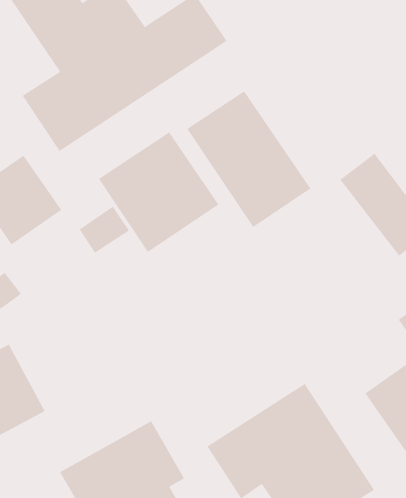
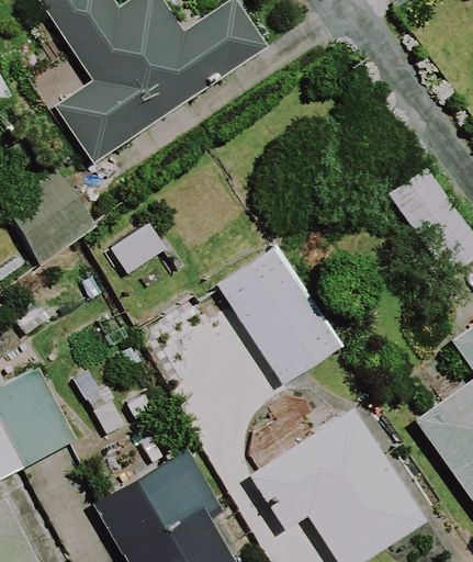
building: [187,90,311,228] -> none
building: [98,132,219,253] -> none
building: none -> [216,245,341,383]

